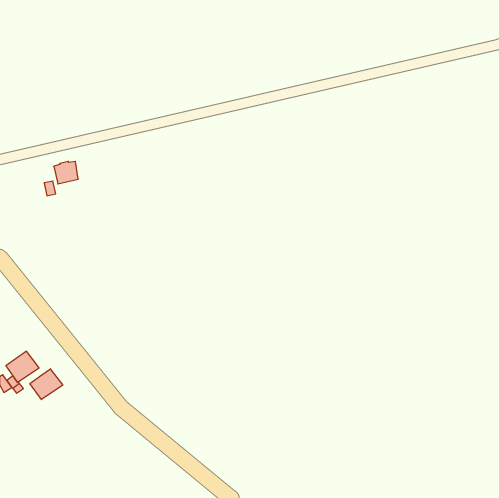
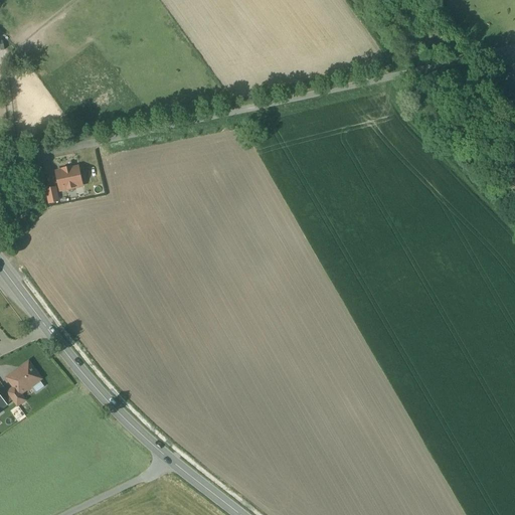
building: [30,369,63,400] -> none

